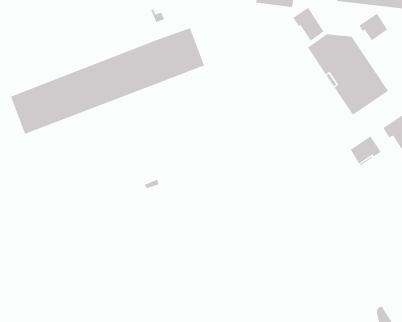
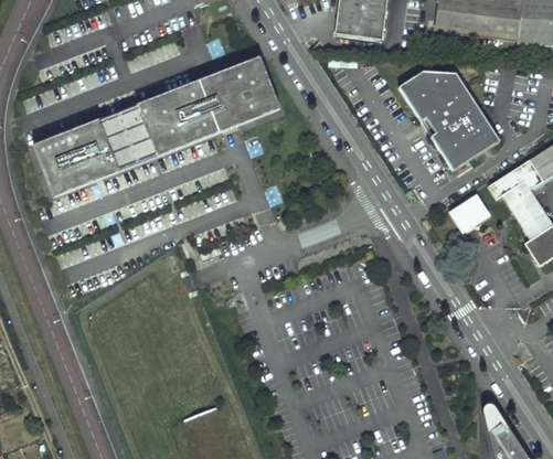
building: [293,7,324,41] -> none
building: [358,13,388,41] -> none

